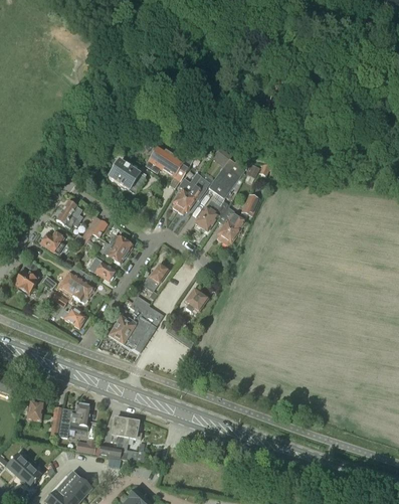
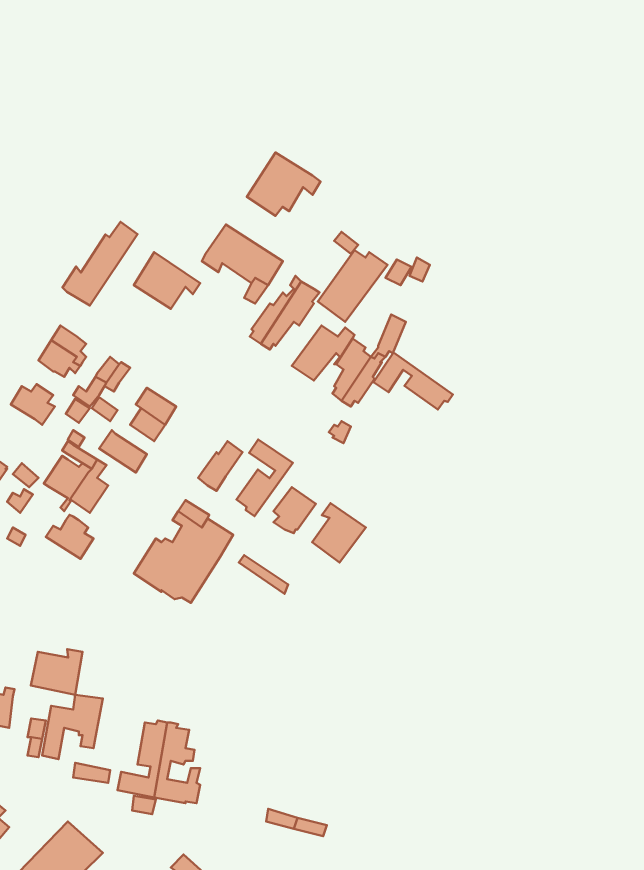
building: none -> [247,153,321,216]
building: none -> [62,222,138,306]
building: none -> [374,352,453,409]
building: none -> [236,440,293,516]
building: none -> [312,503,366,562]
building: none -> [31,649,82,695]

